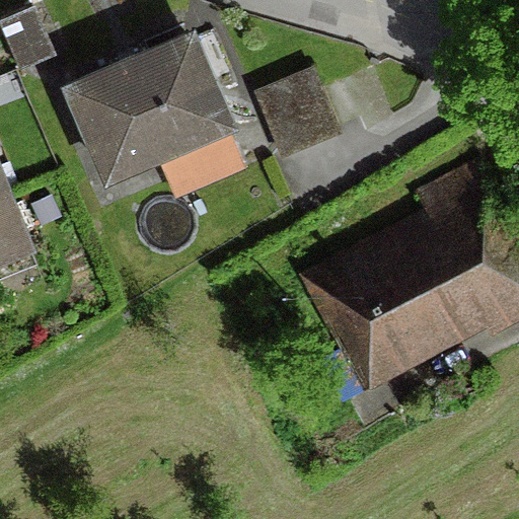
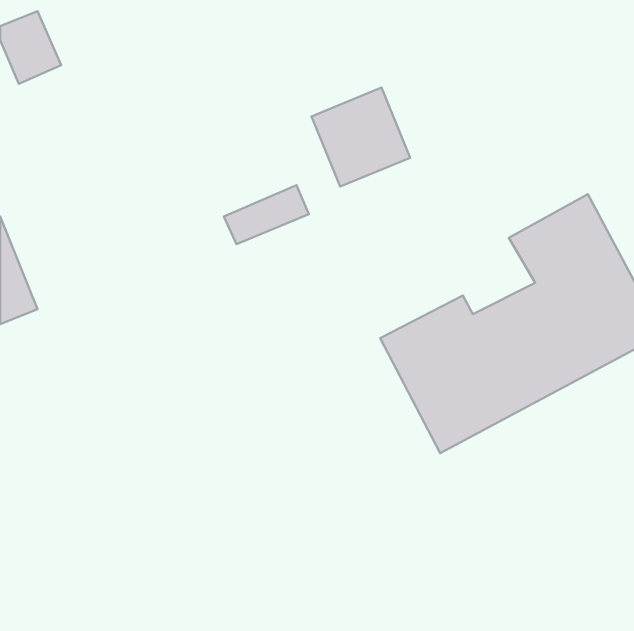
building: [72,47,227,183] -> none

